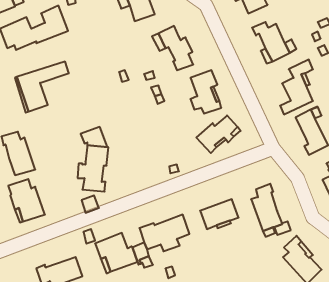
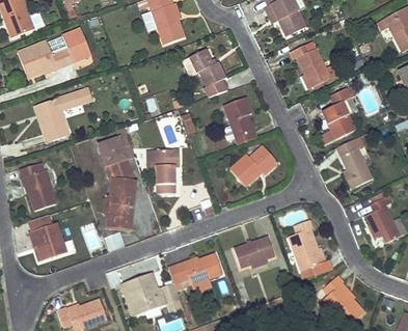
building: none -> [98,127,135,165]
building: none -> [147,148,180,193]

